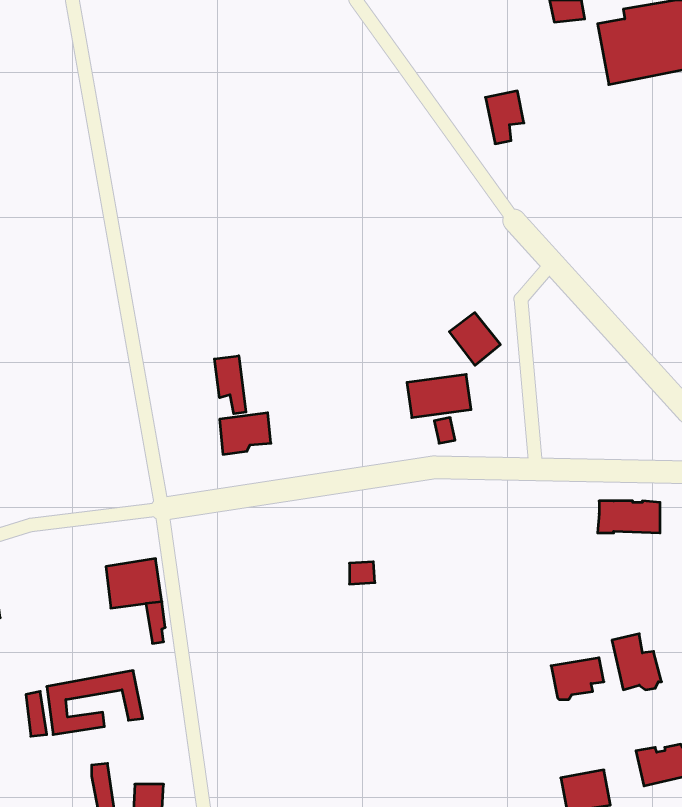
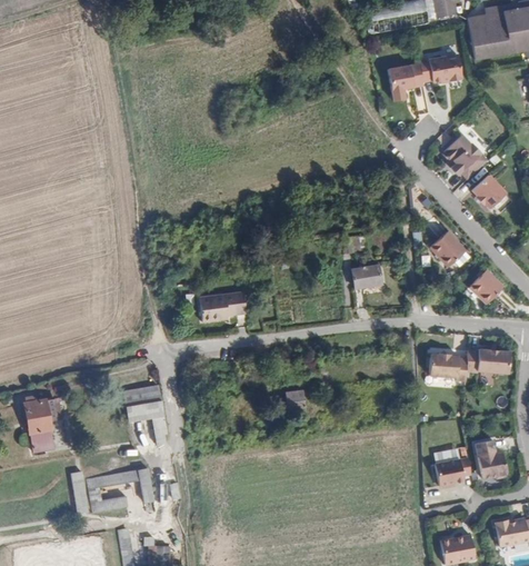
building: none -> [419,54,461,81]
building: none -> [443,136,487,179]
building: none -> [472,173,506,207]
building: [449,313,500,365] -> [429,231,465,268]
building: [214,356,246,414] -> none
building: none -> [468,274,501,305]
building: none -> [429,354,468,380]

